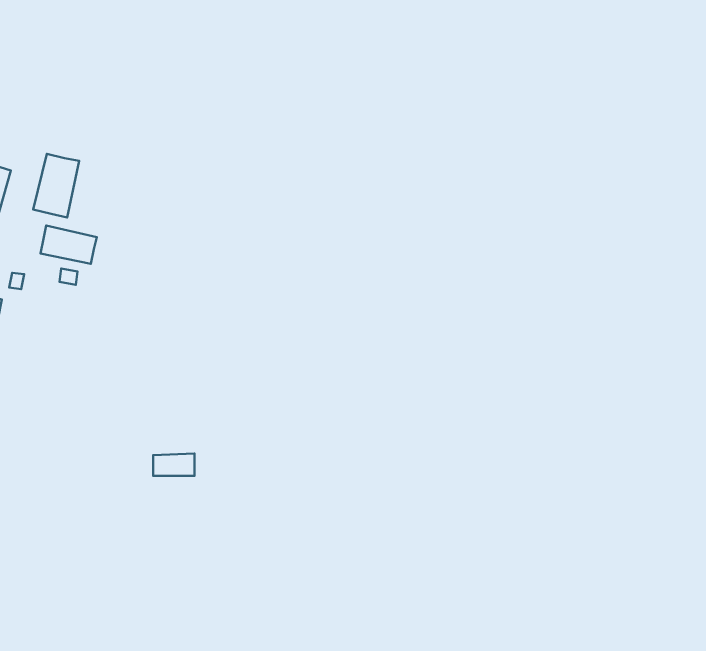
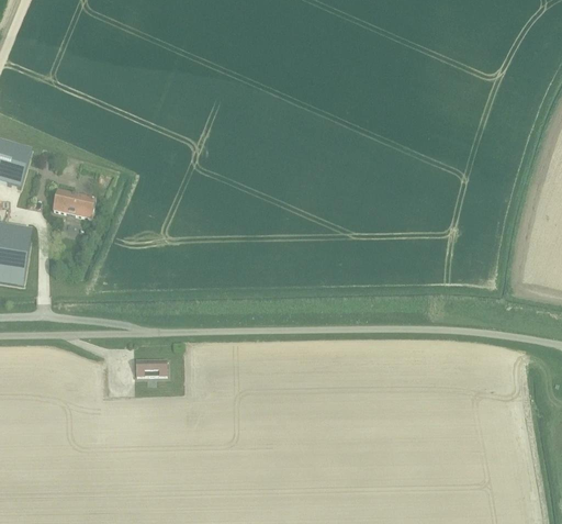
building: [33,154,79,217] -> none

